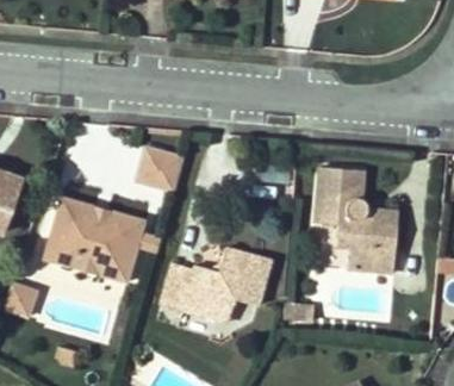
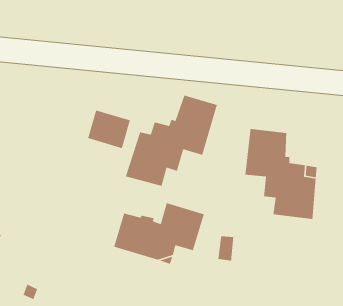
building: none -> [125,95,218,187]
building: [43,199,158,284] -> none

